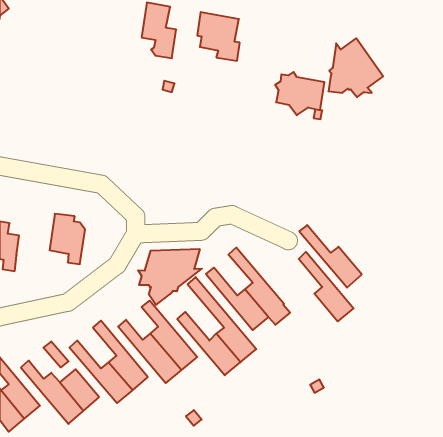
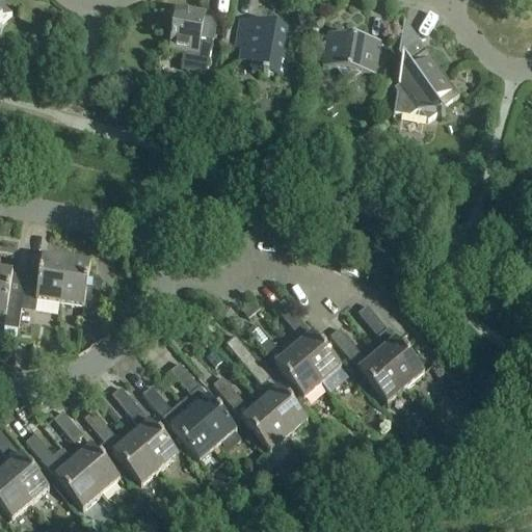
building: [275,72,325,115] -> [320,26,379,78]
building: none -> [20,252,65,307]
building: [299,225,362,288] -> [329,325,404,400]
building: [138,249,202,305] -> none

